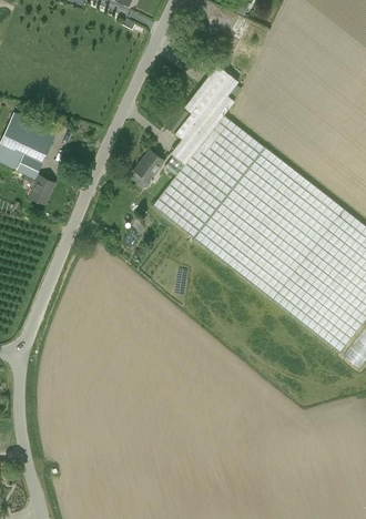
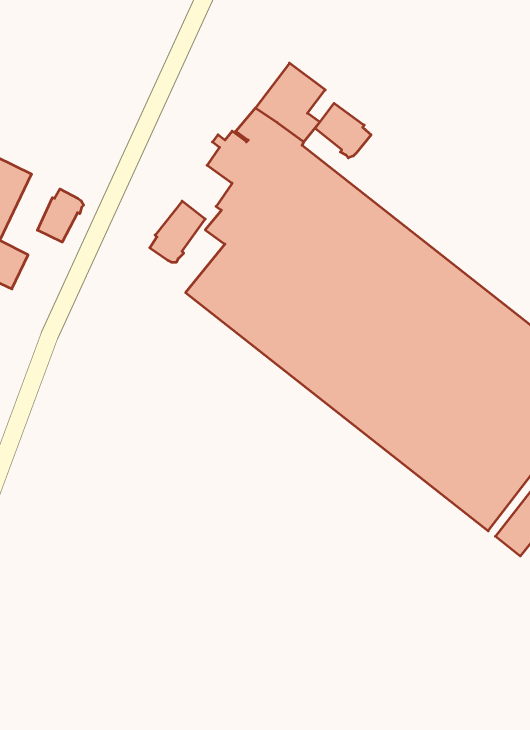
building: none -> [315,103,371,158]
building: none -> [37,189,84,242]

